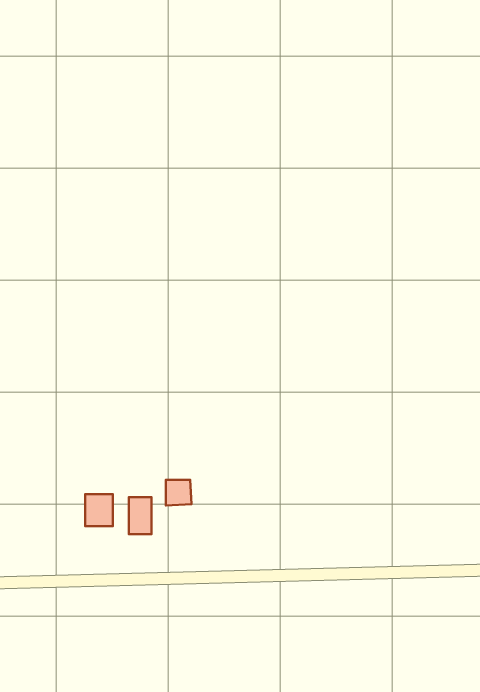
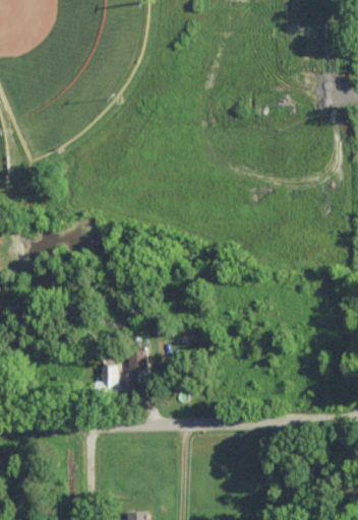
building: [85,494,113,526] -> none

